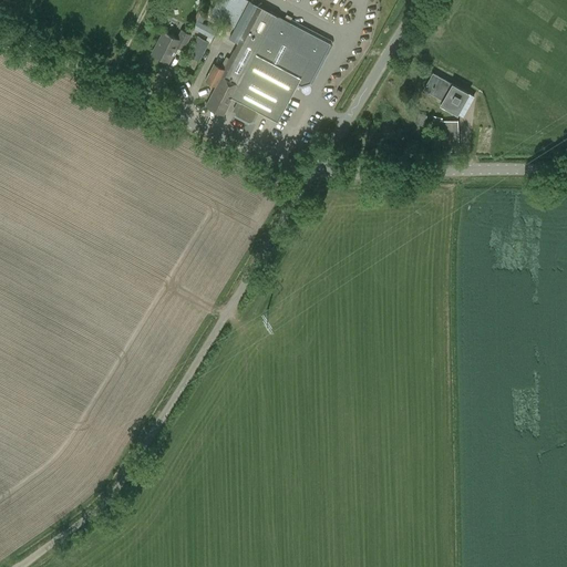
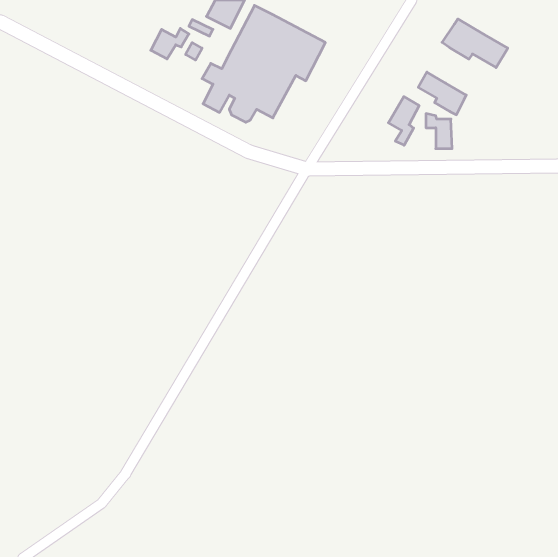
building: none -> [442,19,508,68]
building: none -> [388,97,419,145]

